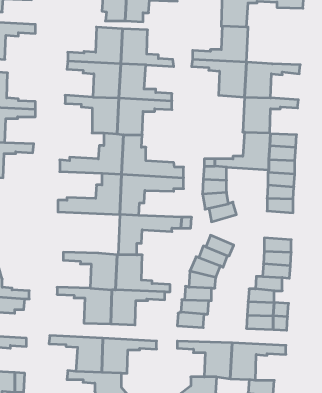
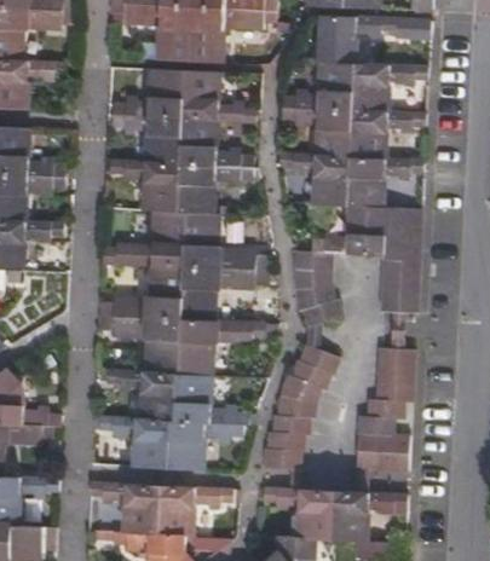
building: none -> [353,65,427,115]
building: none -> [277,155,351,207]
building: none -> [98,314,183,372]

